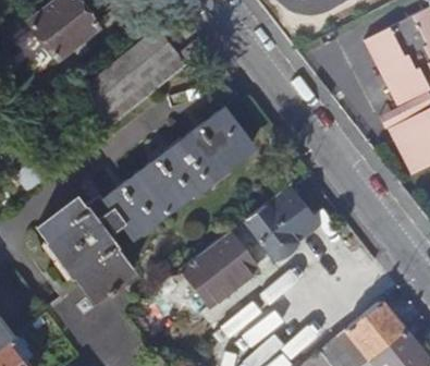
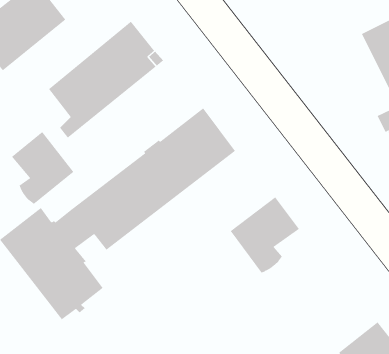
building: none -> [11,131,74,205]
building: [183,234,255,303] -> none

